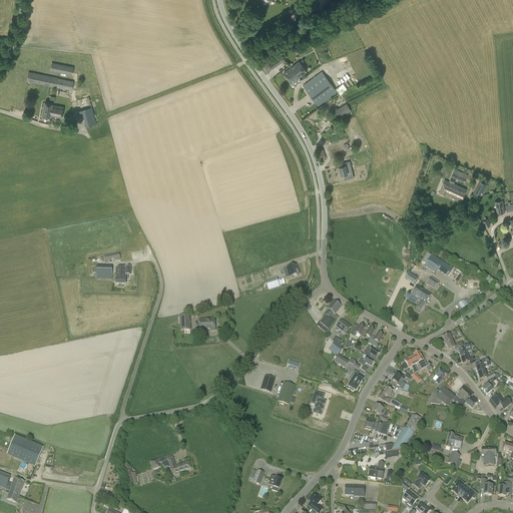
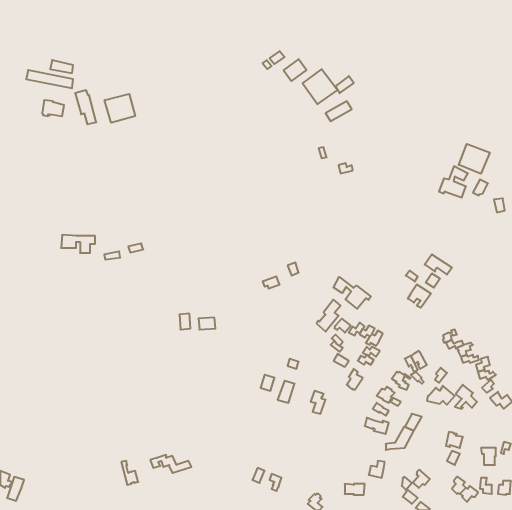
building: none -> [105,94,135,123]
building: none -> [459,144,490,174]
building: [96,265,130,283] -> [61,235,95,253]
building: none -> [333,277,371,309]
building: [6,433,43,465] -> none

